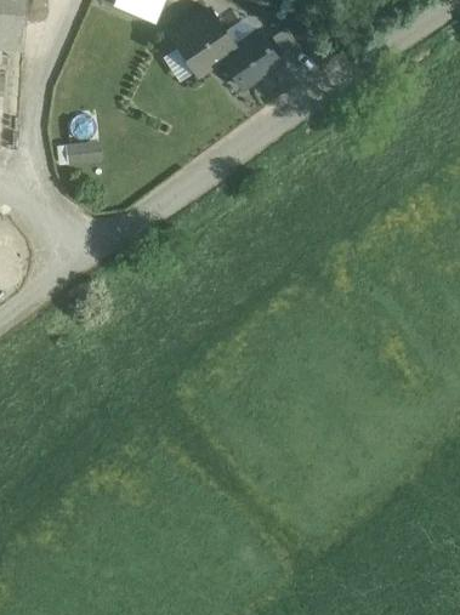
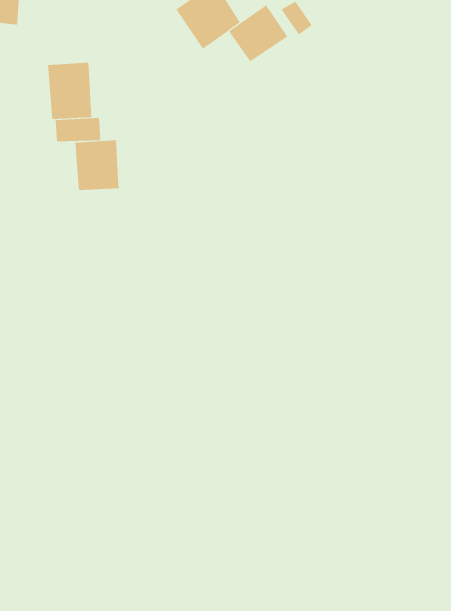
building: none -> [48,62,92,120]
building: none -> [75,139,119,191]

